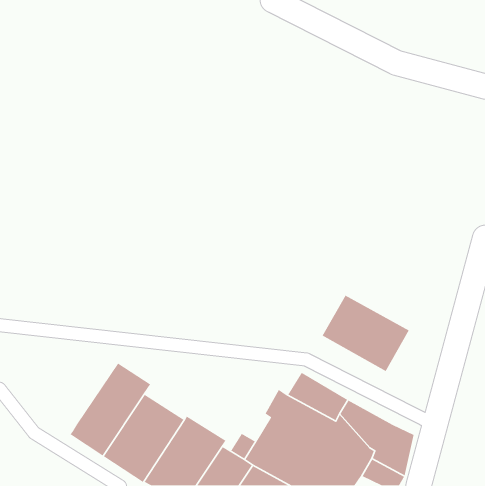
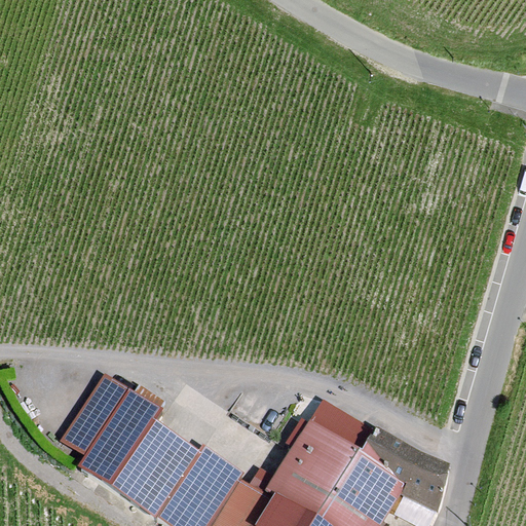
building: [322,295,410,373] -> none
building: none -> [60,375,127,458]

